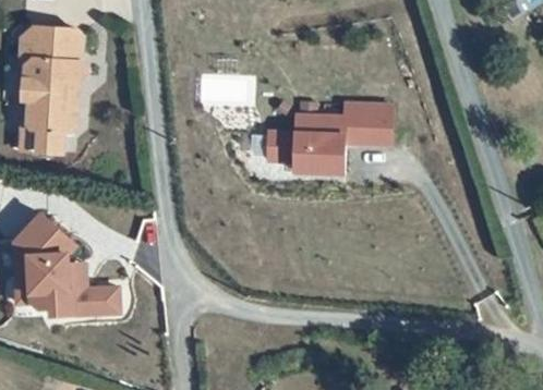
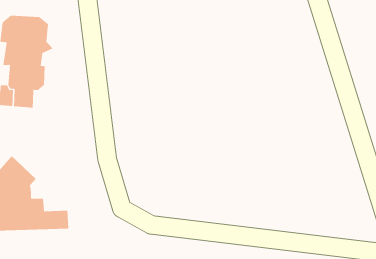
building: [265,105,390,173] -> none

